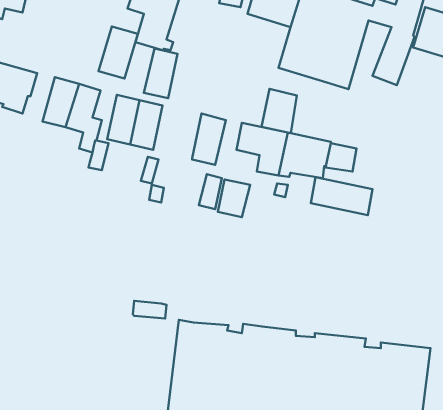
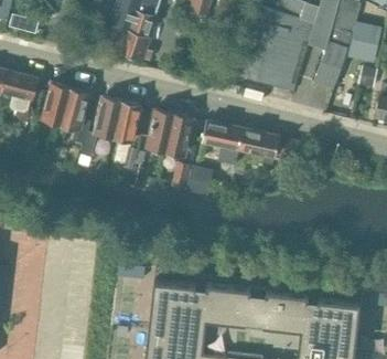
building: [98,26,138,78] -> none
building: [144,48,177,98] -> [146,107,173,148]
building: [261,89,297,133] -> none
building: [311,177,373,215] -> none

